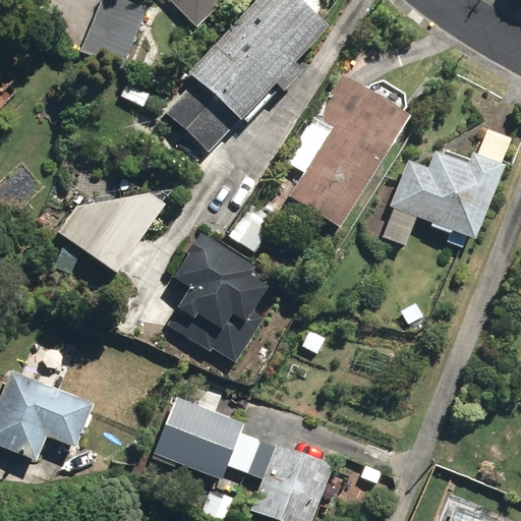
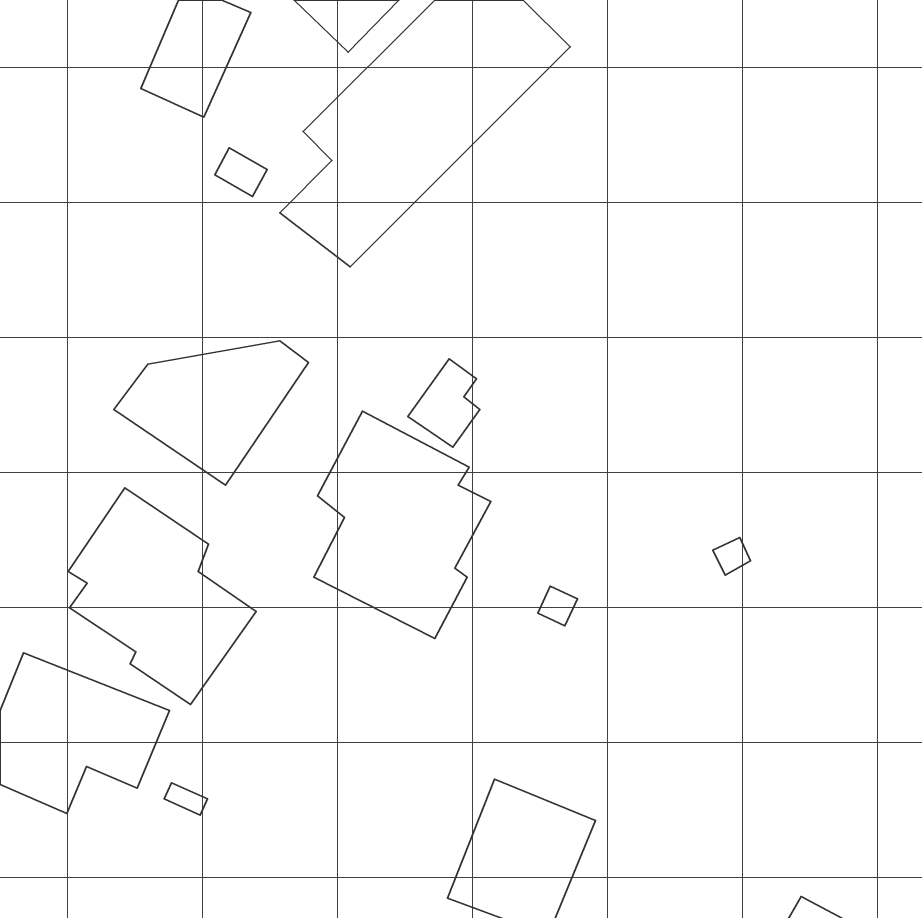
building: [273,70,408,216] -> none
building: [374,125,515,254] -> none
building: none -> [68,488,256,705]
building: [153,395,246,480] -> none

